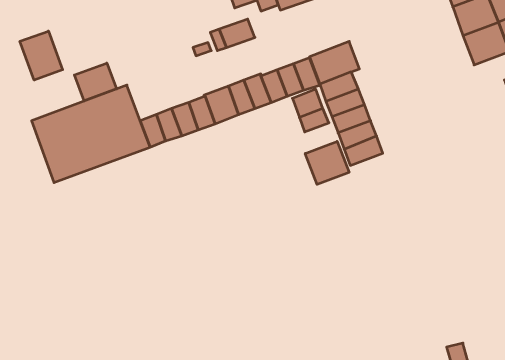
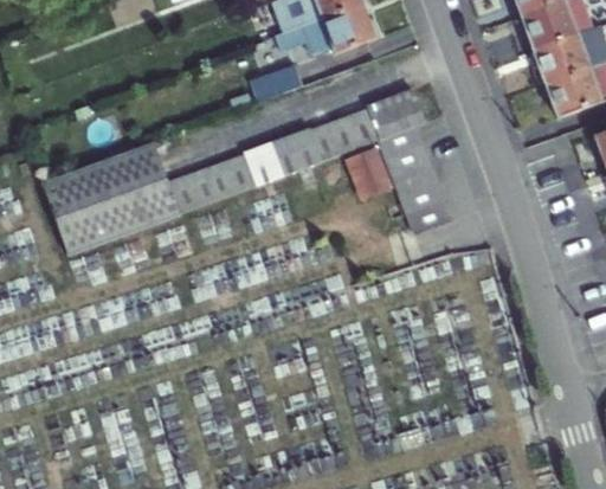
building: [20,31,63,80] -> none
building: [74,63,117,101] -> none
building: [305,141,349,184] -> none

